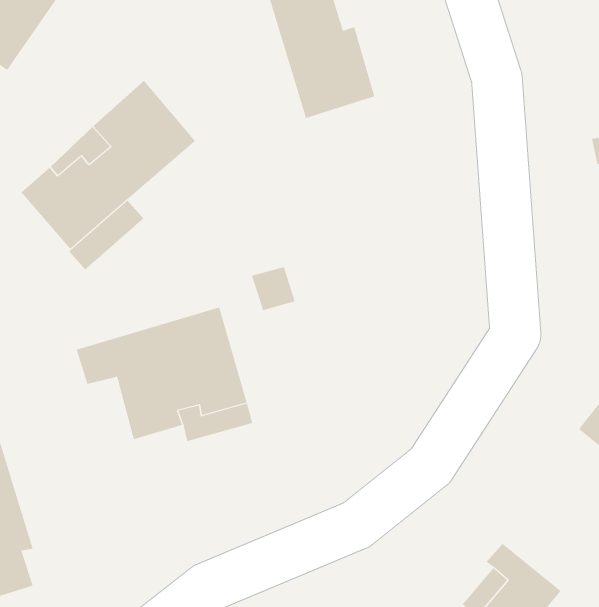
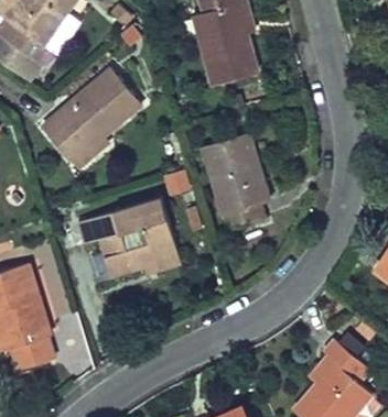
building: none -> [197,134,267,234]

